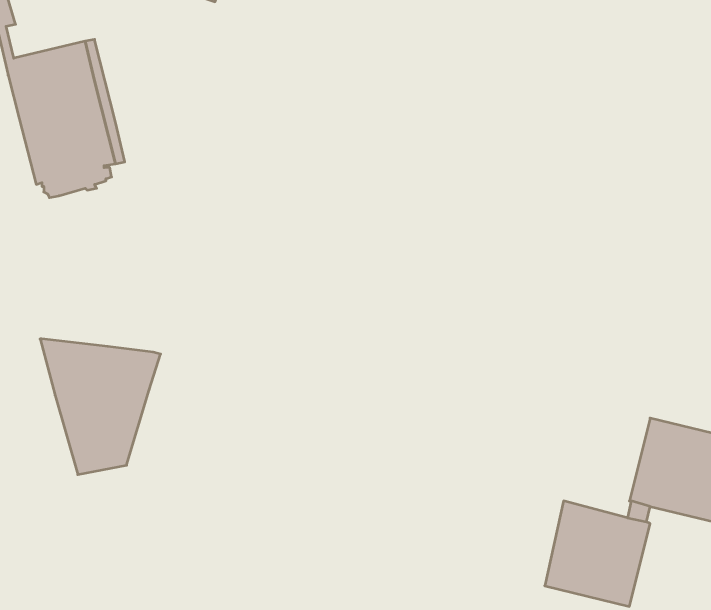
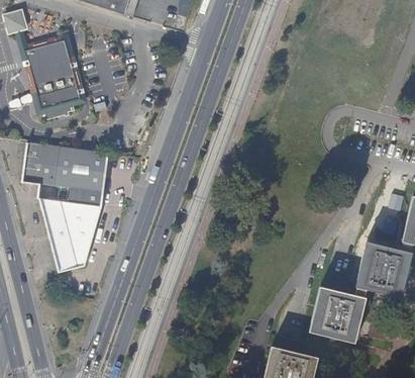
building: none -> [22,143,106,205]

